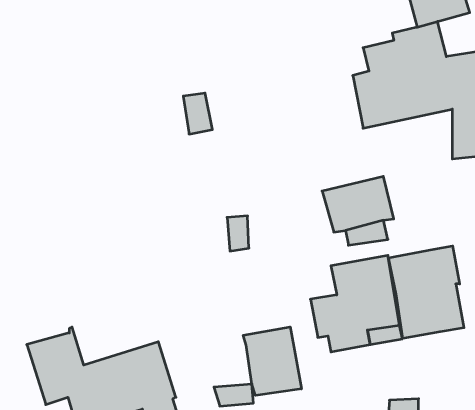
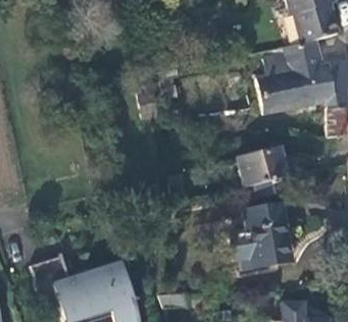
building: [388,246,464,338] -> none
building: [243,327,301,395] -> none

